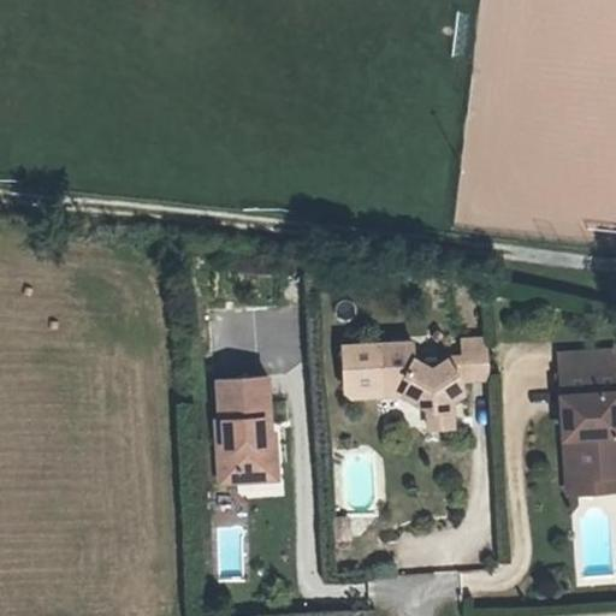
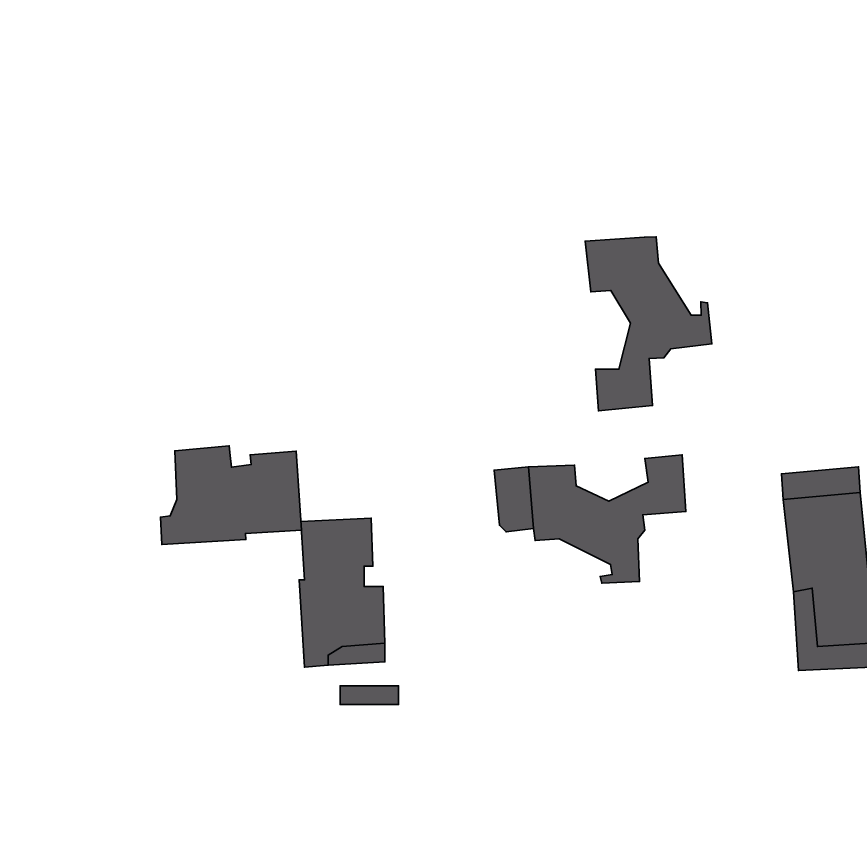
building: none -> [585,237,712,411]
building: none -> [160,446,301,544]

